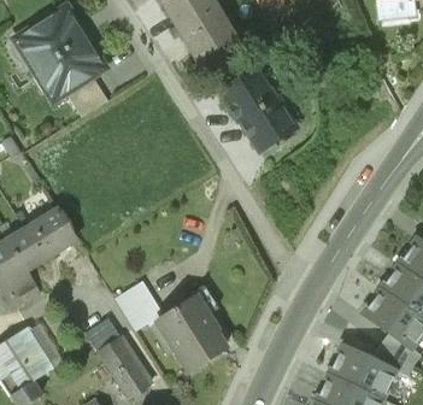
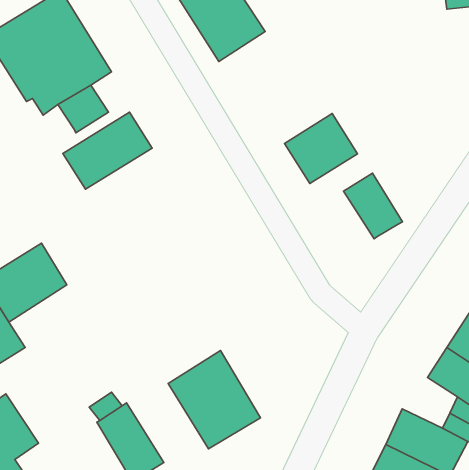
building: [230,69,289,125] -> none
building: none -> [63,112,152,189]
building: none -> [343,173,402,239]
building: [118,282,160,328] -> none

